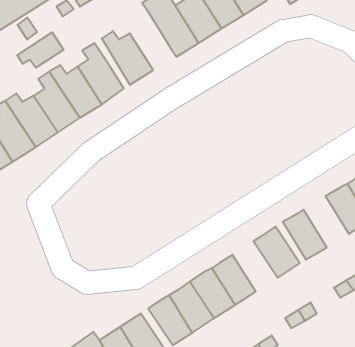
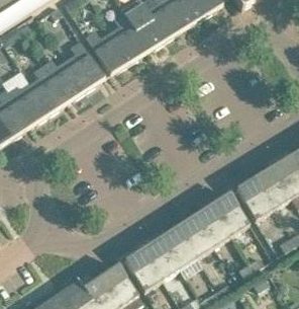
building: none -> [108,13,146,63]
building: [17,32,64,68] -> none
building: none -> [252,167,289,210]
building: none -> [193,205,230,246]

